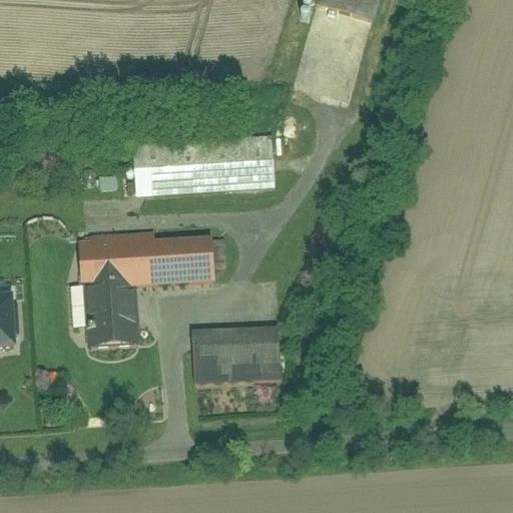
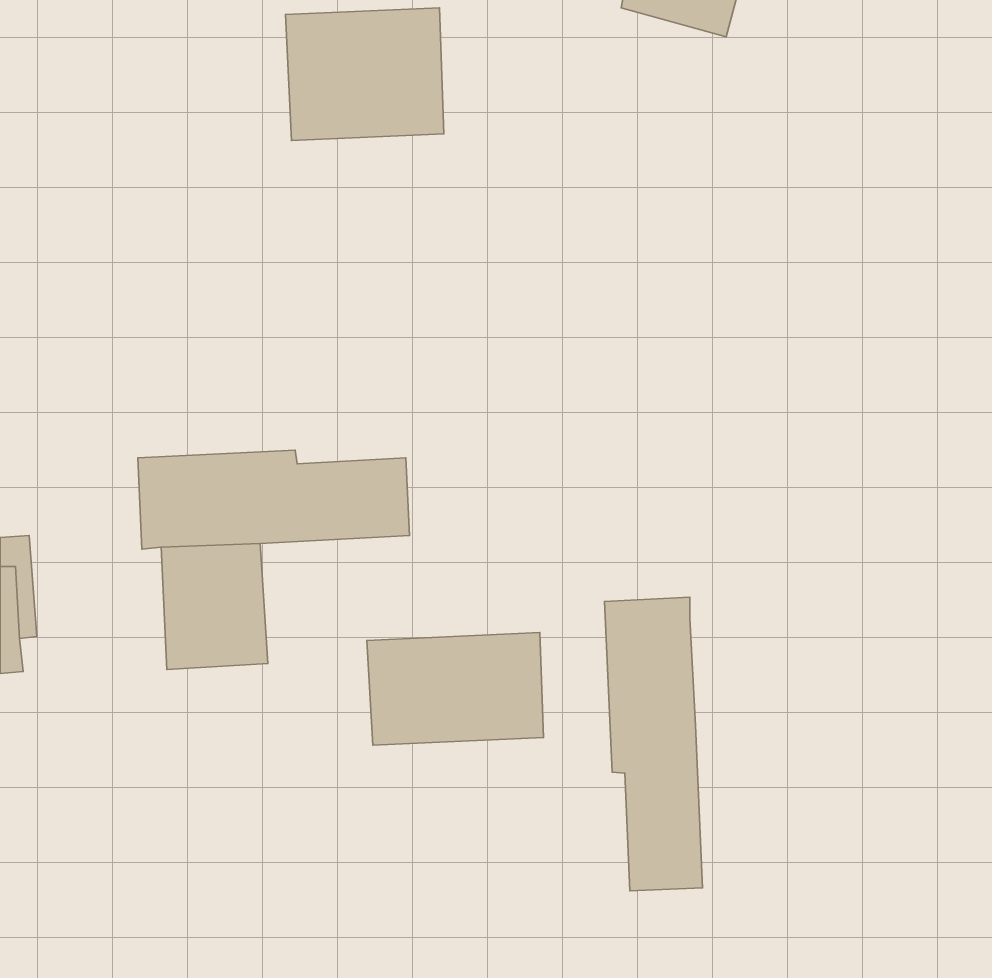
building: none -> [285,8,444,140]
building: [134,133,276,194] -> none
building: none -> [604,597,702,891]

